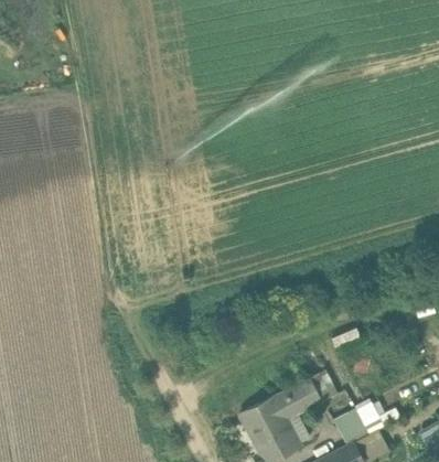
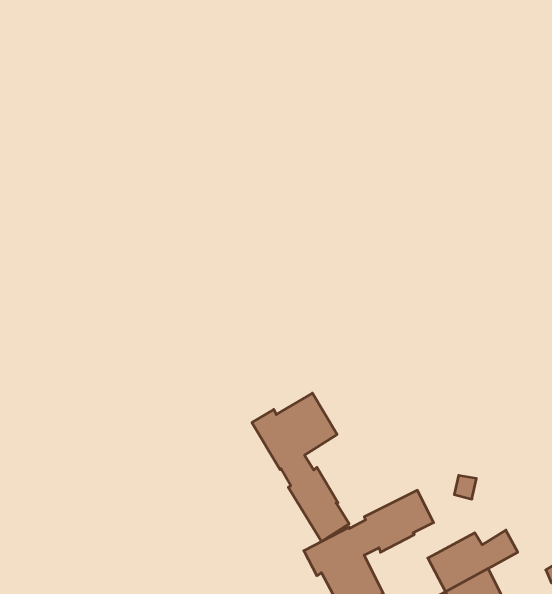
building: none -> [252,393,349,541]

